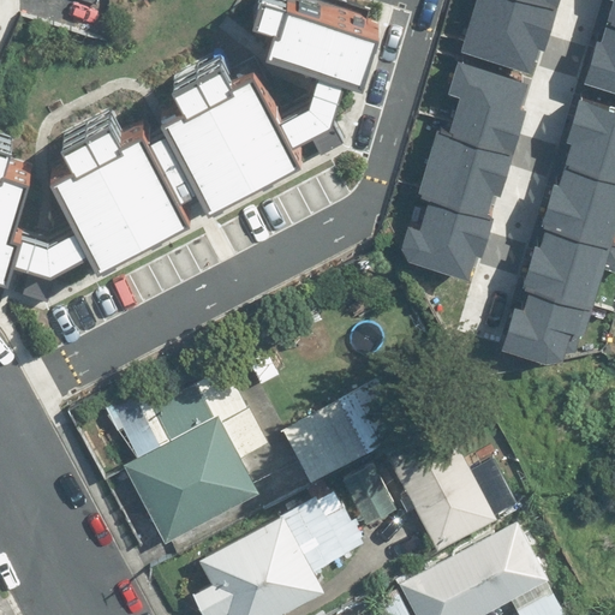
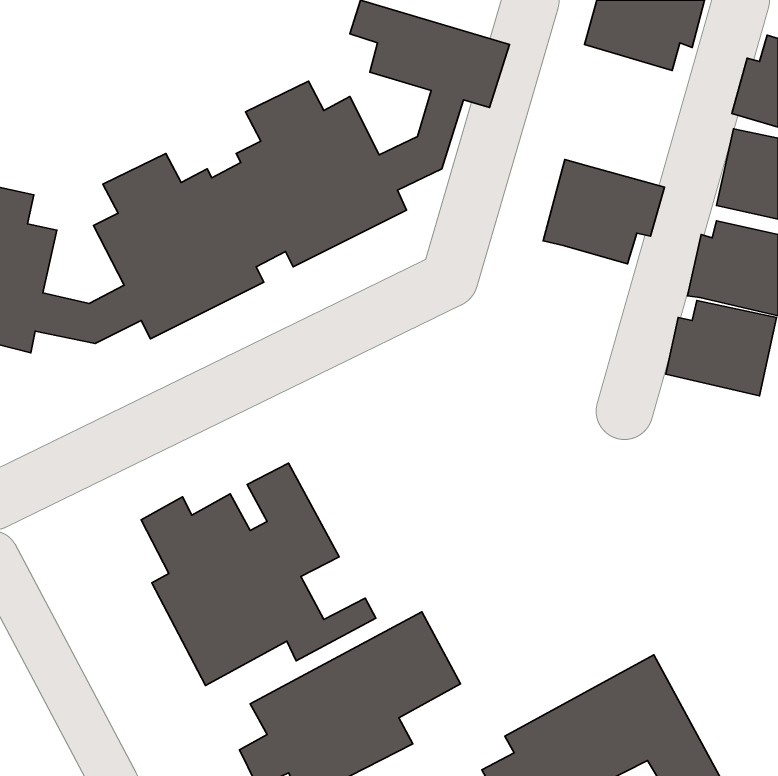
building: [456,70,538,153] -> none
building: [408,198,502,279] -> none
building: [500,304,589,375] -> none
building: [277,394,376,483] -> none
building: [378,417,495,549] -> none

